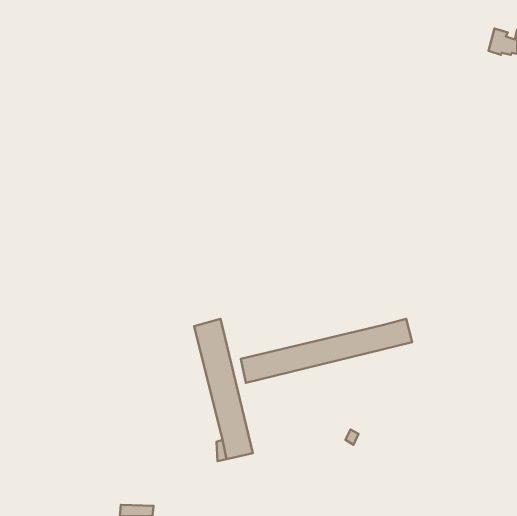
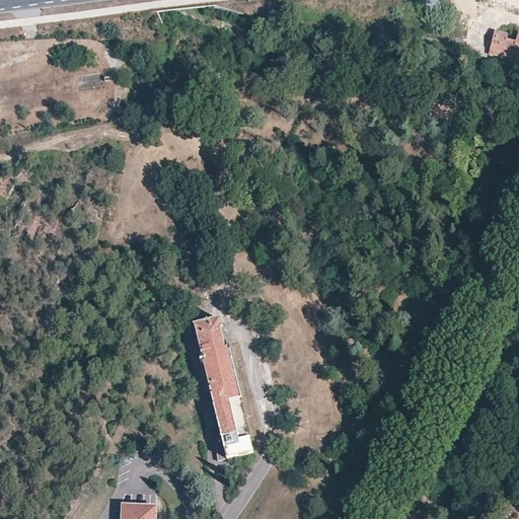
building: [241,319,412,383] -> none

